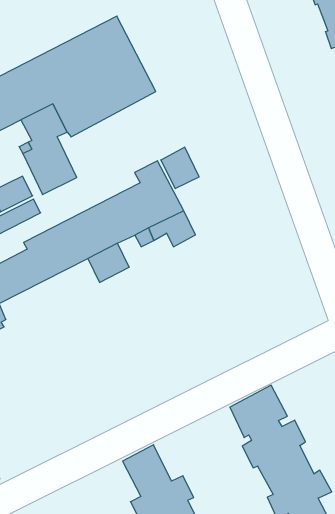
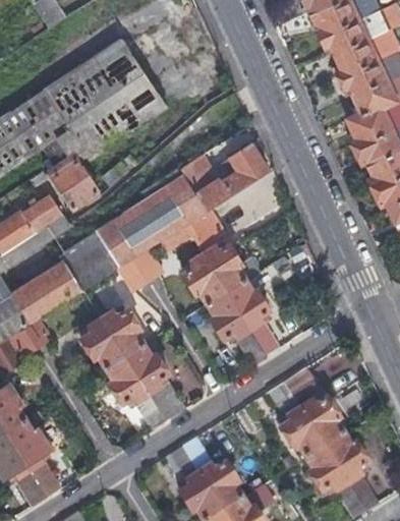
building: none -> [194,143,270,212]
building: none -> [181,243,271,365]
building: none -> [81,306,171,428]

